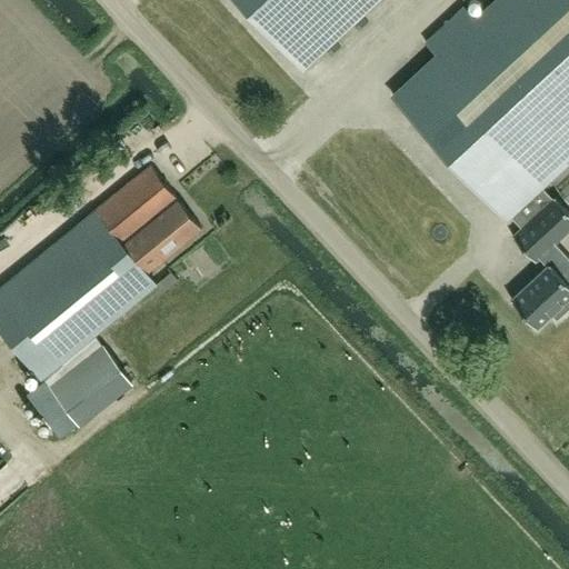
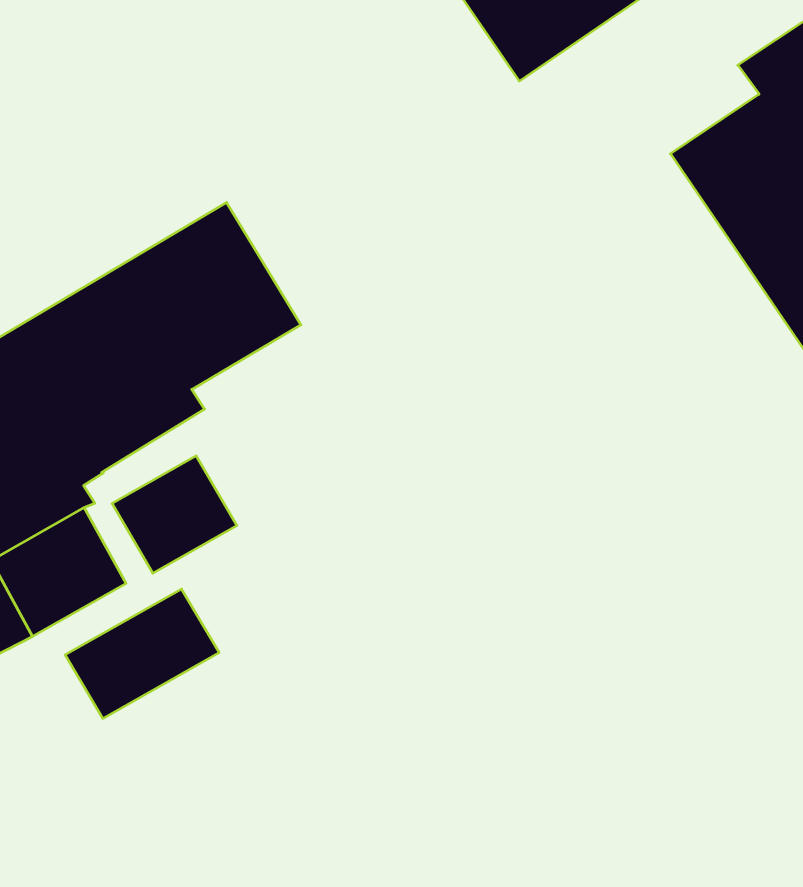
building: none -> [112,456,237,573]
building: none -> [65,589,219,718]

